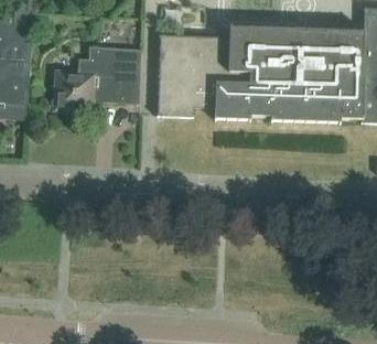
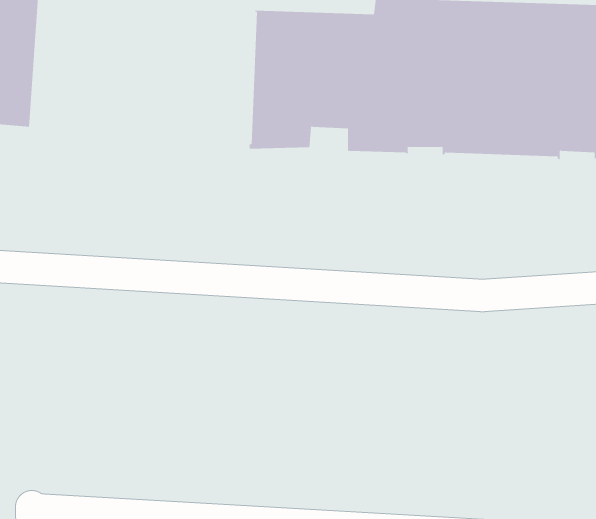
building: [53,45,142,111] -> none

